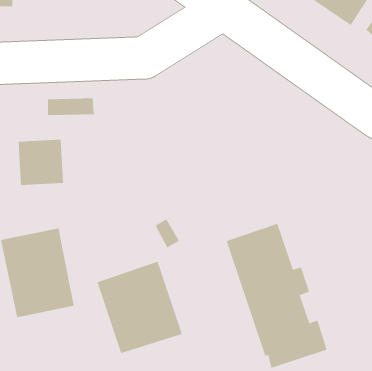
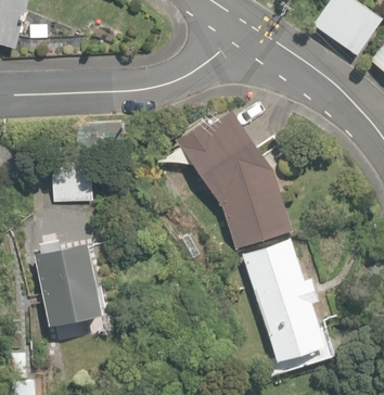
building: none -> [175,110,291,247]
building: [97,261,183,354] -> none

